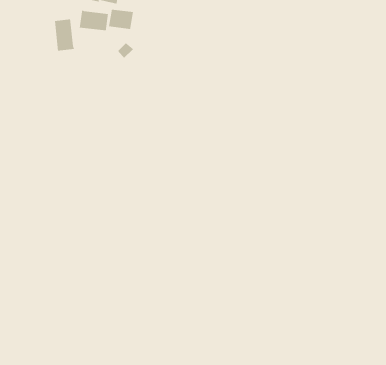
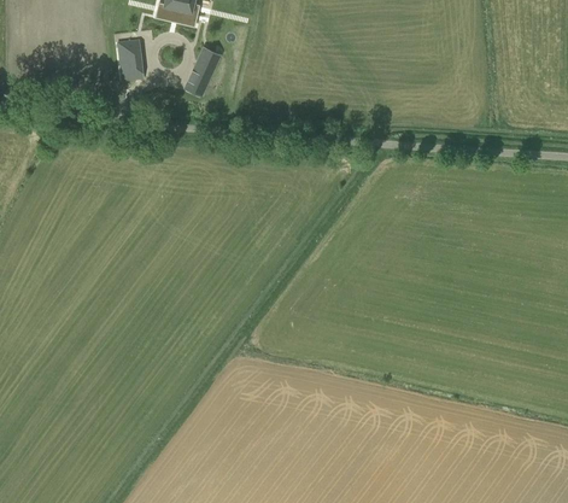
building: [79,9,109,31] -> none

